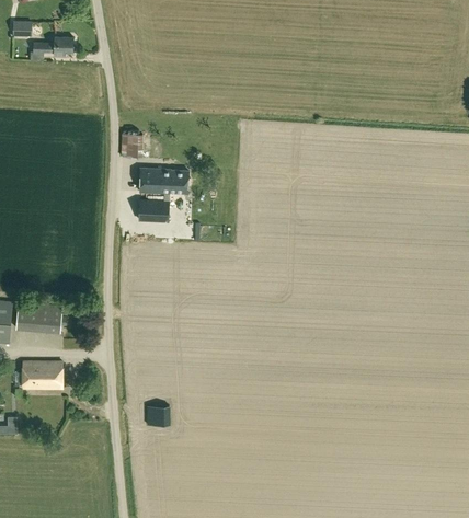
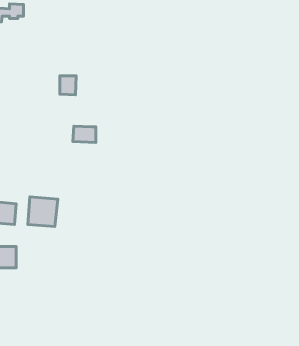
building: [139,168,188,193] -> none
building: none -> [28,197,58,227]
building: [147,405,169,425] -> none

